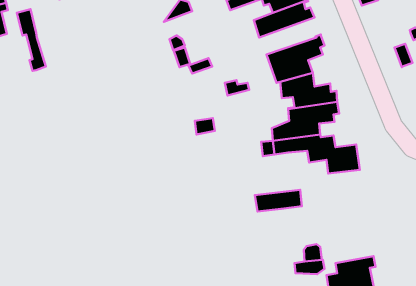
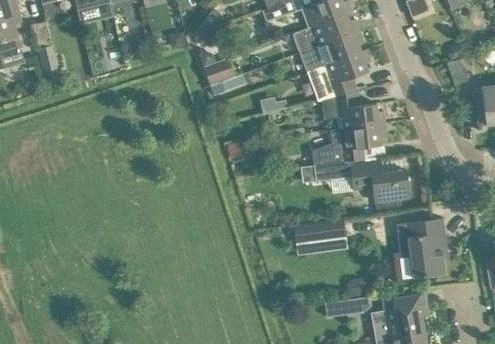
building: none -> [299,30,364,71]
building: none -> [394,218,447,284]

